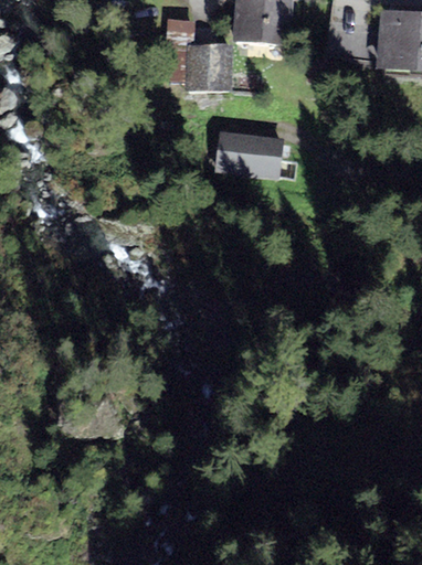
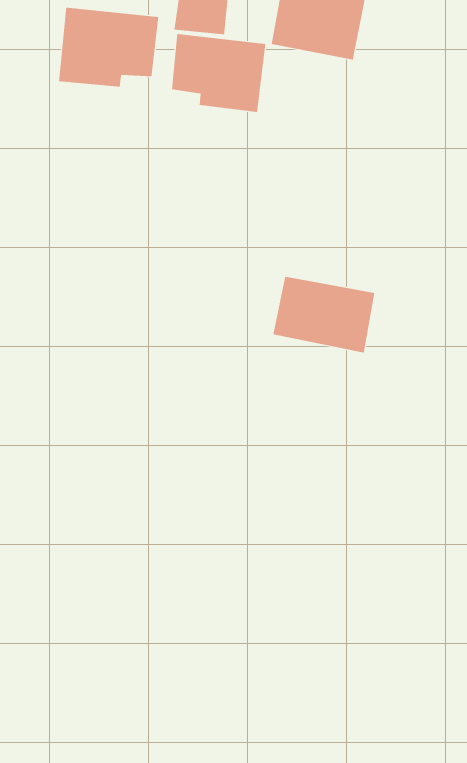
building: none -> [59,7,159,88]
building: [212,126,279,173] -> [273,276,375,353]

